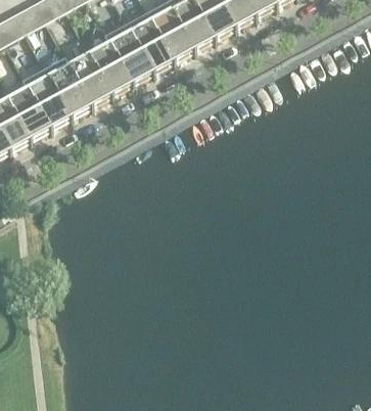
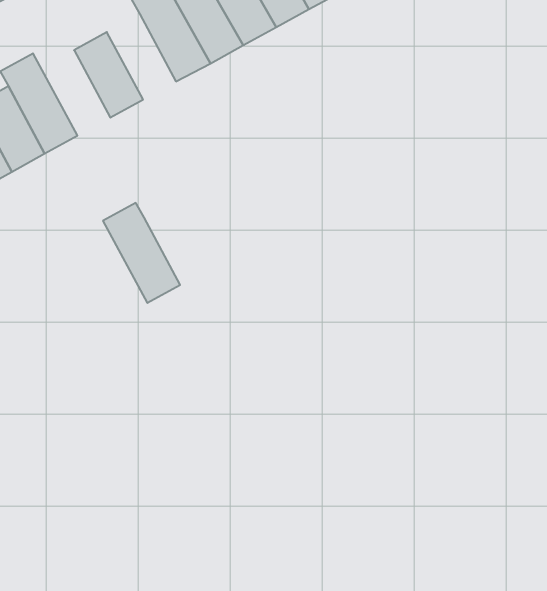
building: [88,41,131,94] -> none
building: [42,54,90,117] -> [103,203,180,303]

